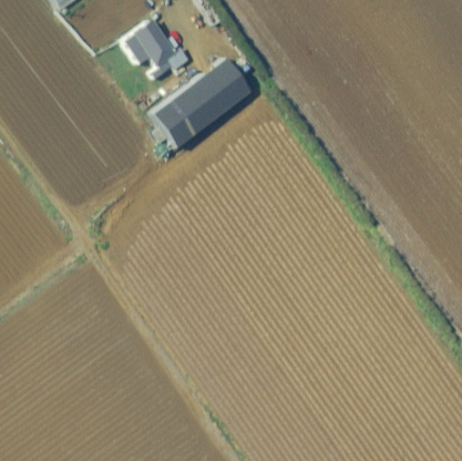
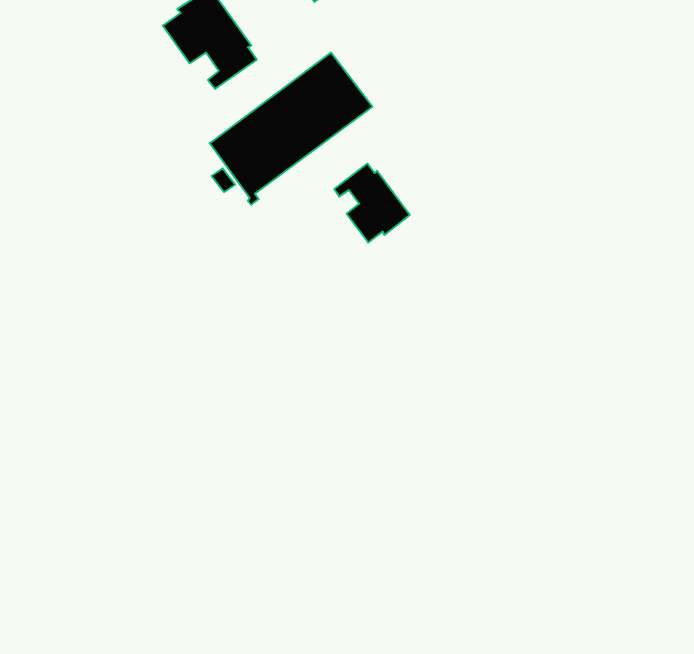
building: none -> [334,164,410,243]

